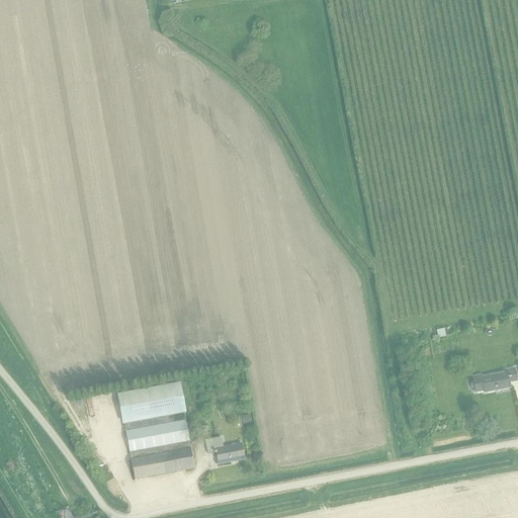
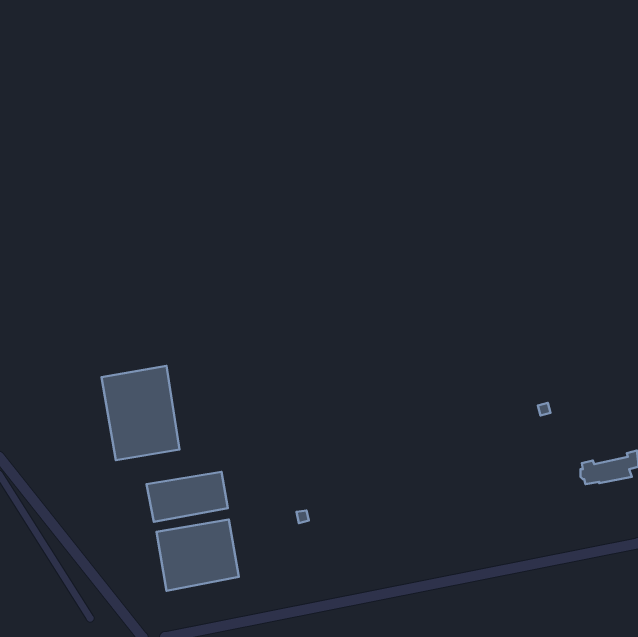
building: none -> [102,366,180,460]
building: [205,436,244,462] -> none

